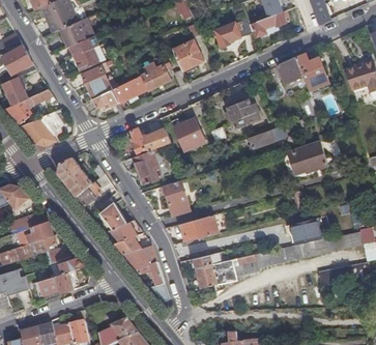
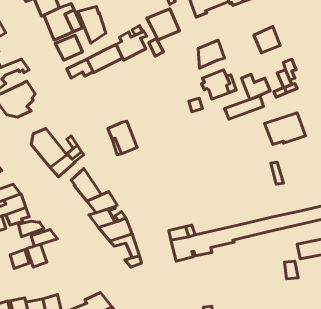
building: none -> [78,7,106,43]
building: [295,53,323,78] -> [242,74,270,99]
building: none -> [198,40,225,68]
building: [172,118,204,151] -> none
building: [129,126,170,153] -> none
building: [163,176,194,205] -> none
building: [180,214,218,241] -> none
building: [292,218,320,245] -> none

